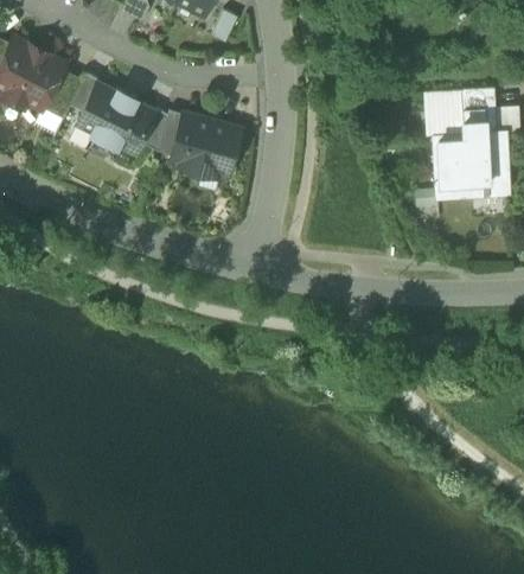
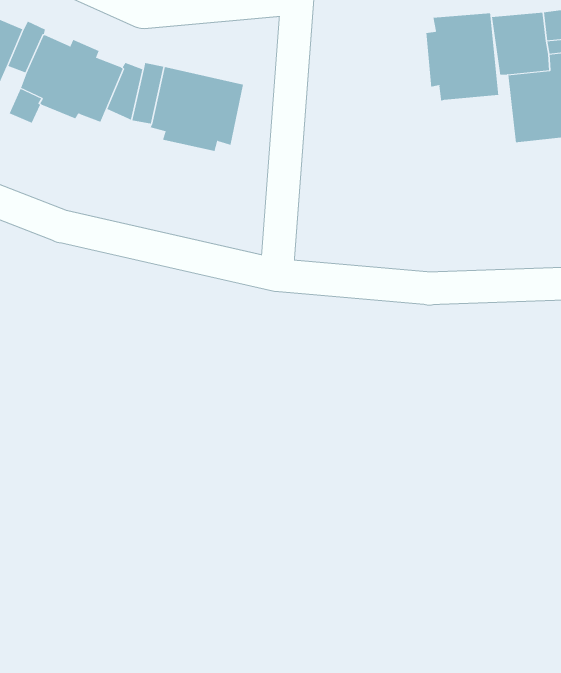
building: none -> [426,13,499,101]

